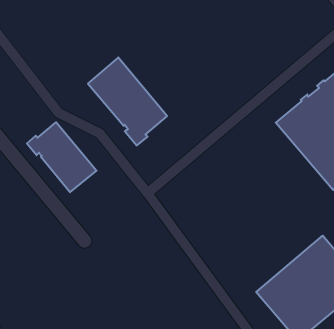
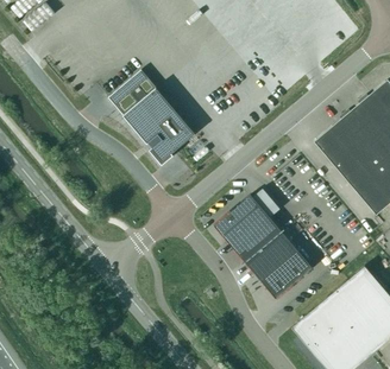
building: [27,122,97,192] -> none
building: none -> [214,195,313,298]

